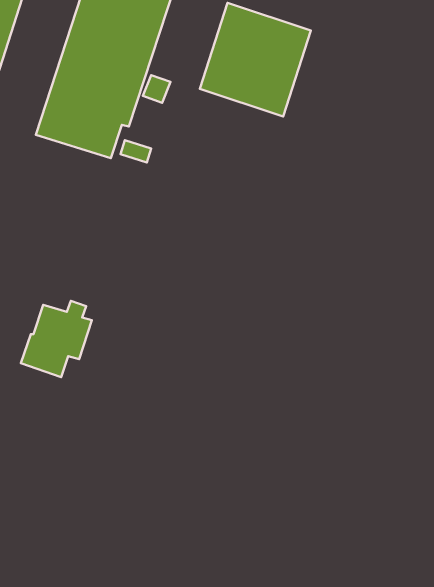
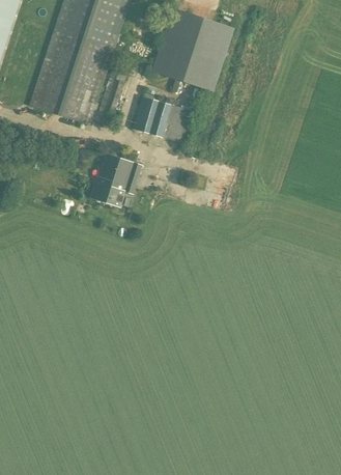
building: none -> [131,94,190,142]
building: [21,301,92,377] -> [87,149,140,206]

